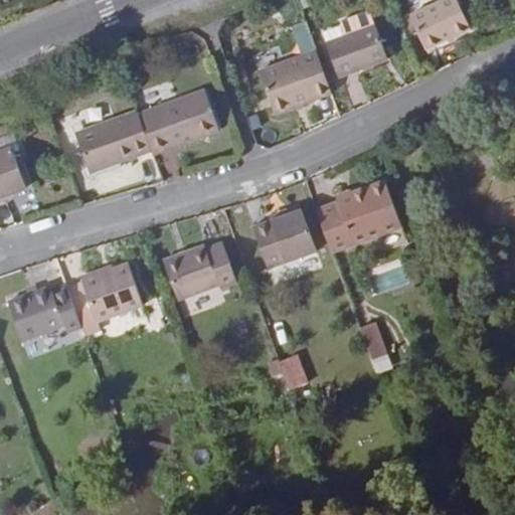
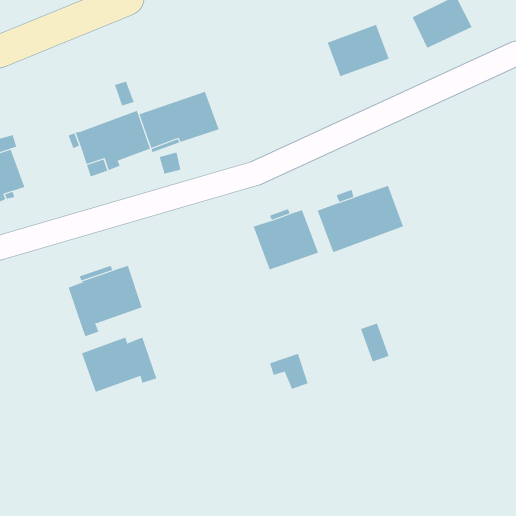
building: [259,49,331,113] -> none
building: [162,241,236,300] -> none
building: [6,286,81,341] -> [81,337,157,393]

